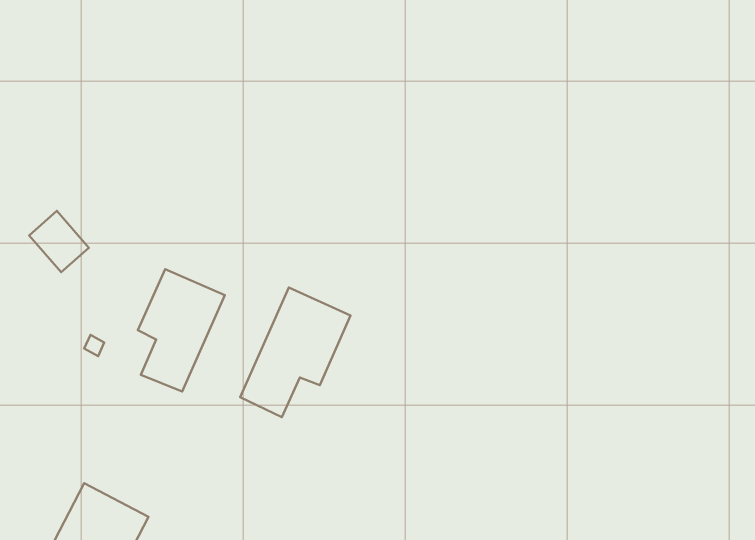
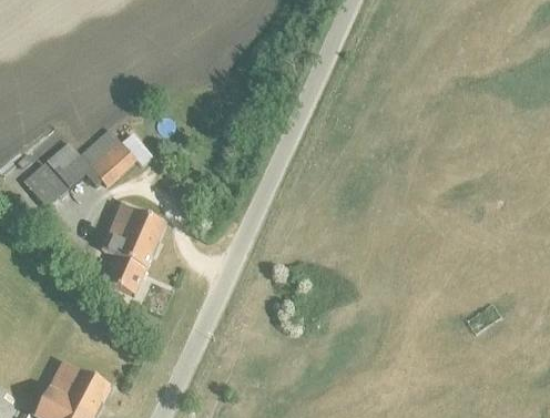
building: none -> [45,129,135,186]
building: [240,288,350,417] -> none

